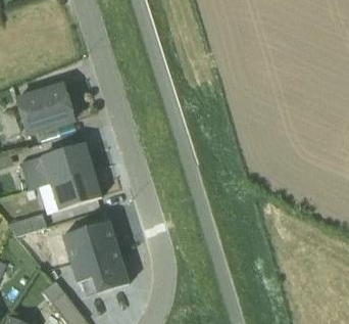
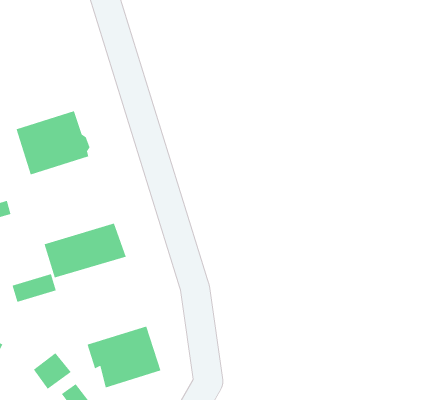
building: [36,141,92,184] -> none
building: [62,221,116,264] -> none

